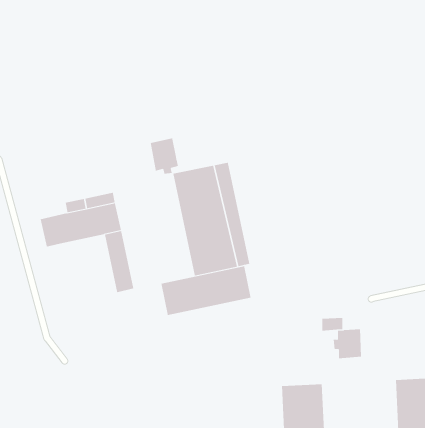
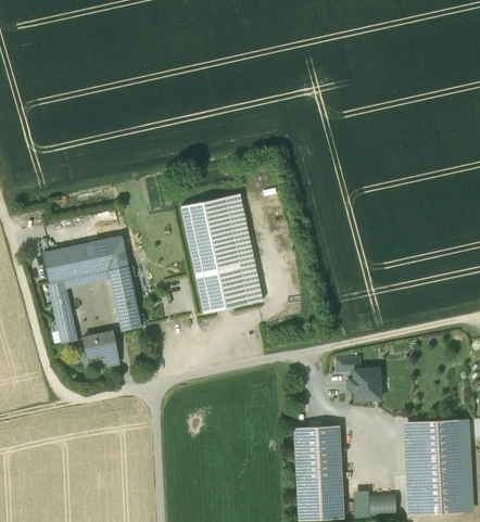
building: [150,138,179,175] -> none
building: none -> [49,280,77,343]
building: [161,265,251,316] -> none
building: none -> [83,331,119,366]

